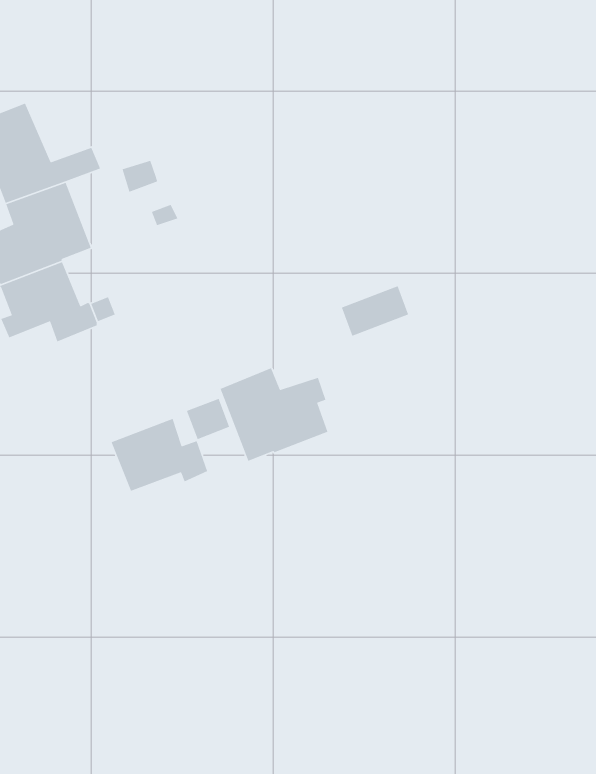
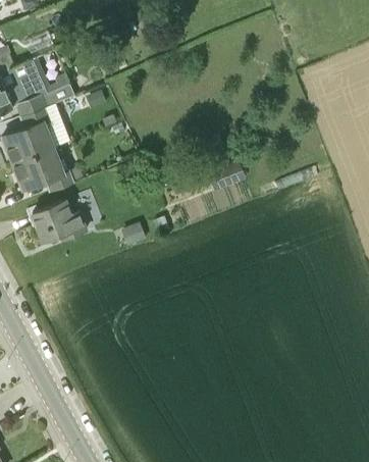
building: [220,367,329,462] -> none
building: [110,418,208,492] -> [31,201,85,242]

